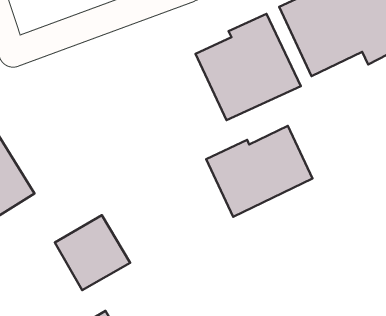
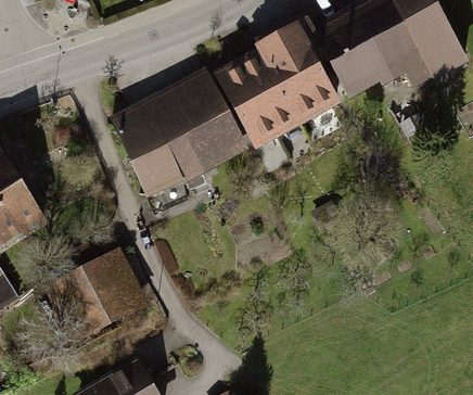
building: none -> [115,75,250,199]
building: [206,126,313,217] -> none

